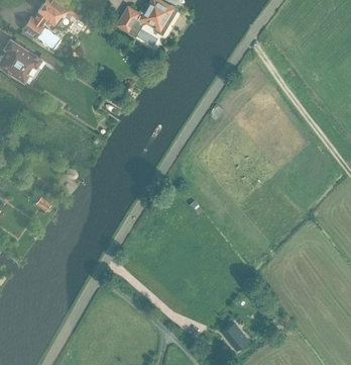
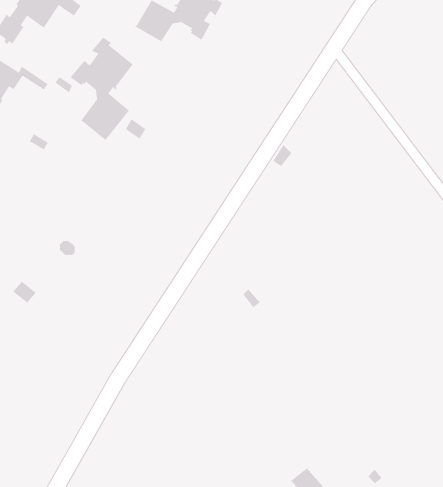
building: none -> [70,37,134,143]

